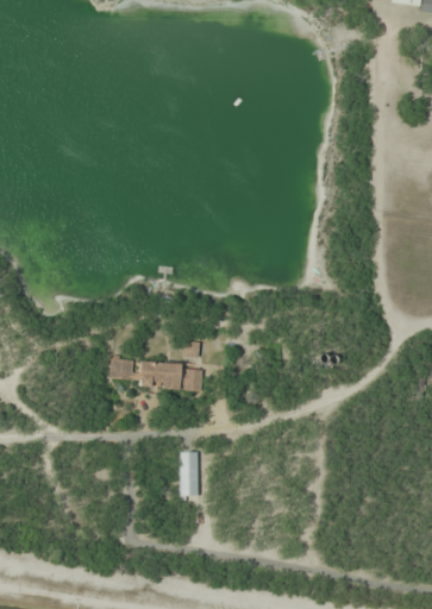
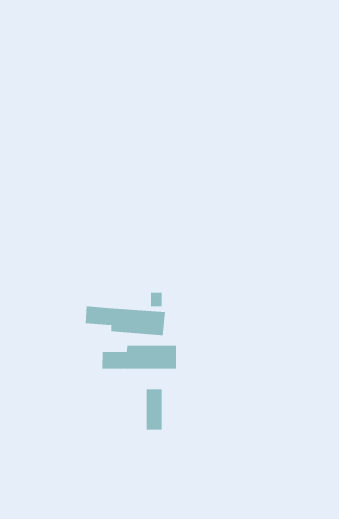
building: none -> [102,345,177,369]

